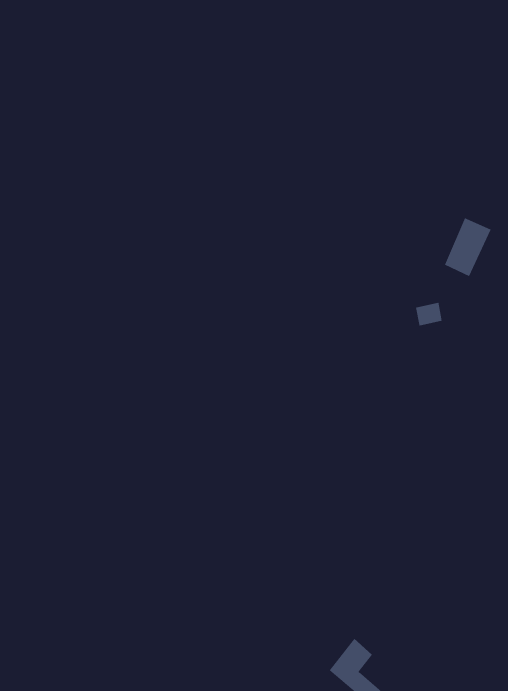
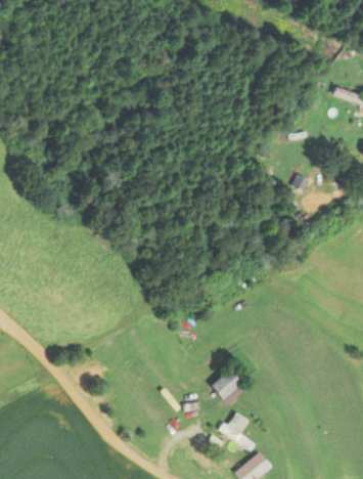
building: none -> [212,368,244,401]

